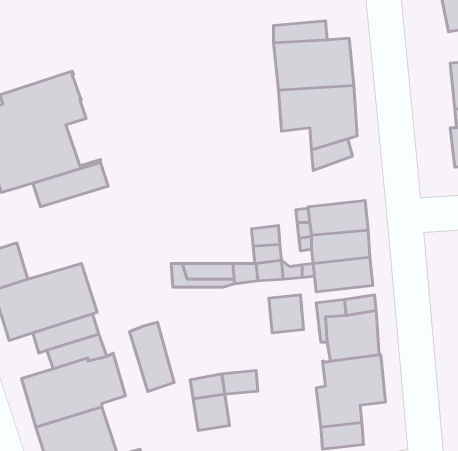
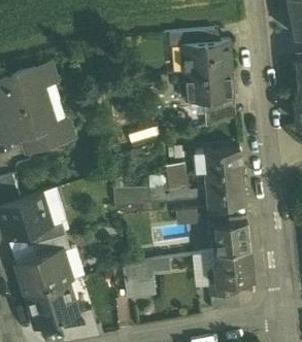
building: [129,322,174,392] -> none

